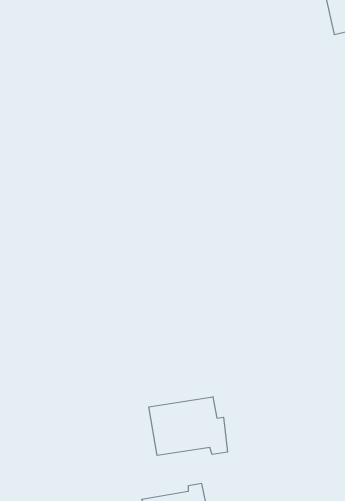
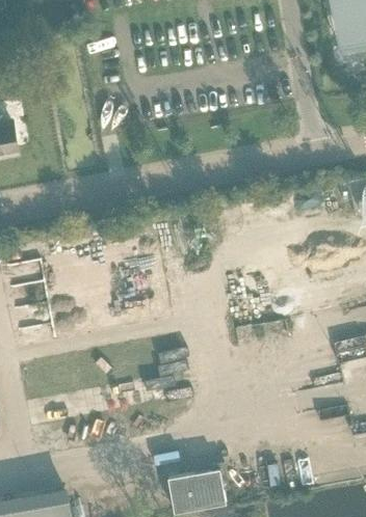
building: [149,397,227,455] -> none

